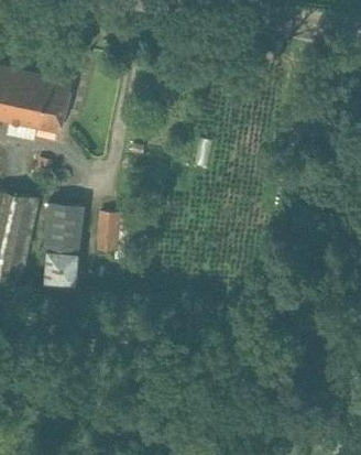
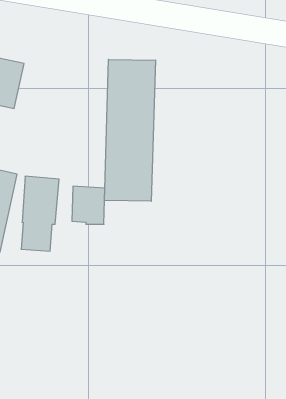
building: none -> [105,59,155,201]
building: [34,77,72,132] -> none

